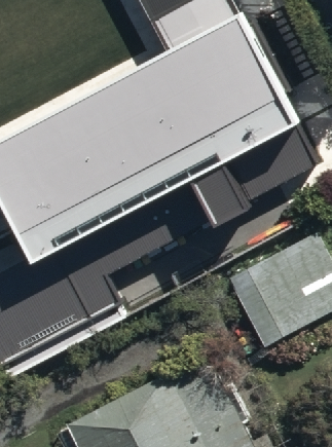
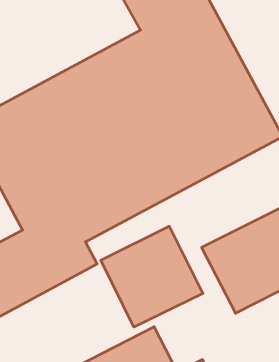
building: none -> [101,226,203,327]

